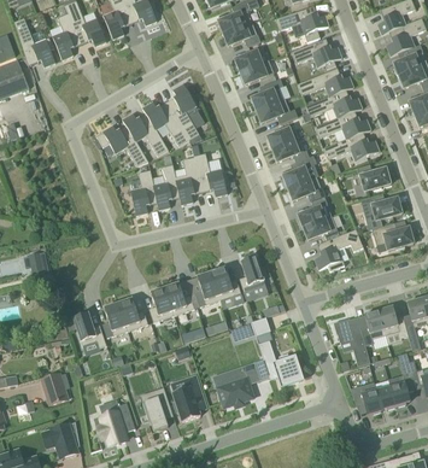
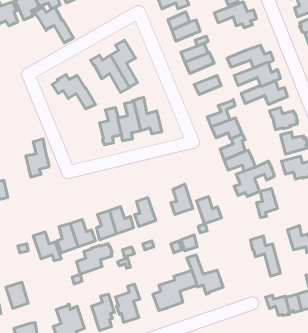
building: [298,68,353,95] -> none
building: [122,113,169,156] -> [34,7,73,43]
building: [272,138,310,162] -> none
building: [130,169,158,215] -> [26,139,49,177]
building: [211,267,241,299] -> [196,197,221,224]
building: [360,310,386,345] -> [256,188,278,218]
building: none -> [77,243,112,274]

